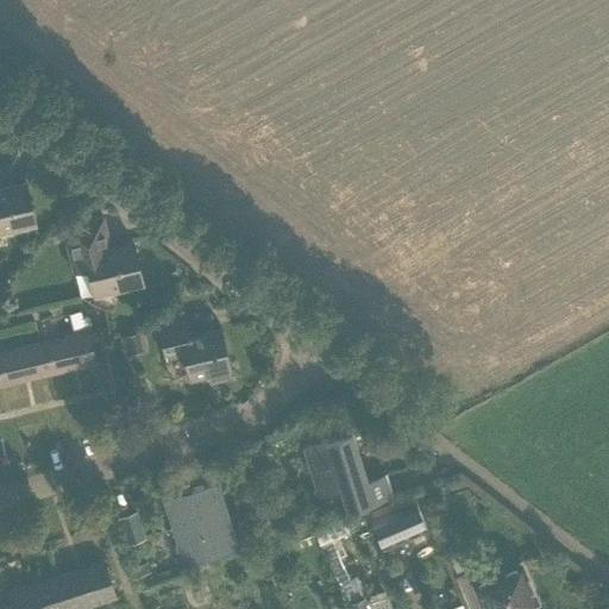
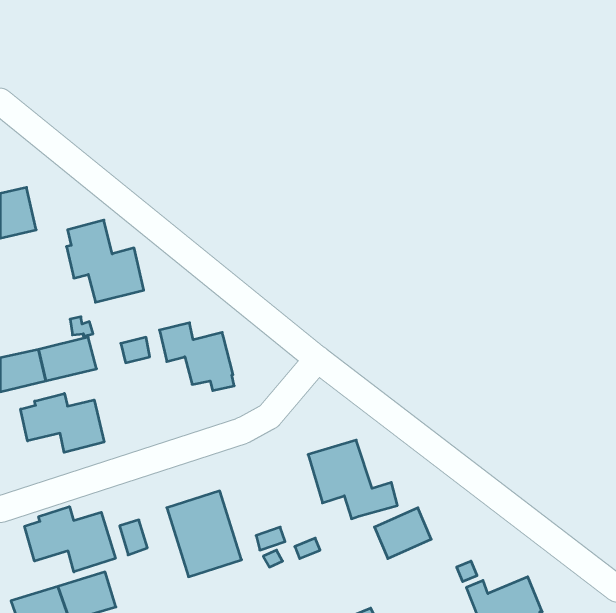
building: none -> [21,393,104,452]
building: none -> [25,507,115,572]

